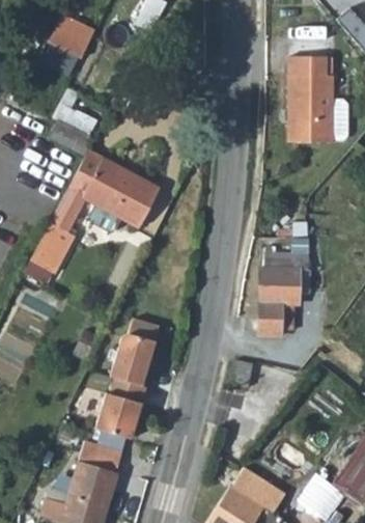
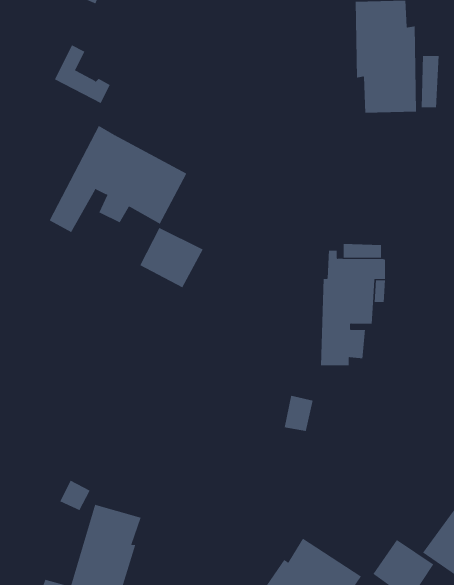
building: [30,224,69,272] -> none
building: none -> [140,227,204,288]
building: [95,319,162,439] -> none

